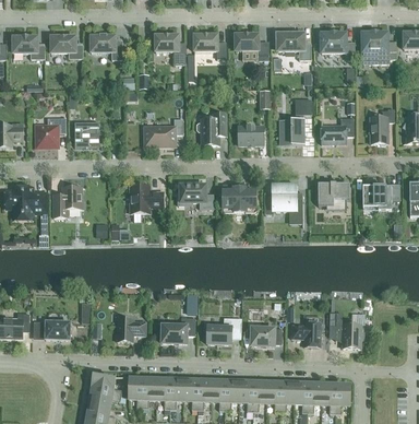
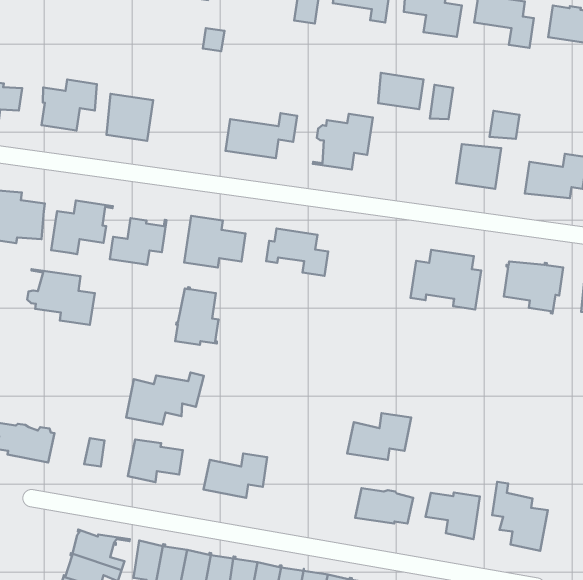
building: [238,126,263,143] -> [378,73,424,109]
building: [223,184,256,211] -> none
building: none -> [110,218,167,265]
building: none -> [175,287,219,345]
building: none -> [27,269,95,325]
building: none -> [126,373,204,424]
building: [207,317,241,343] -> [347,413,411,460]

